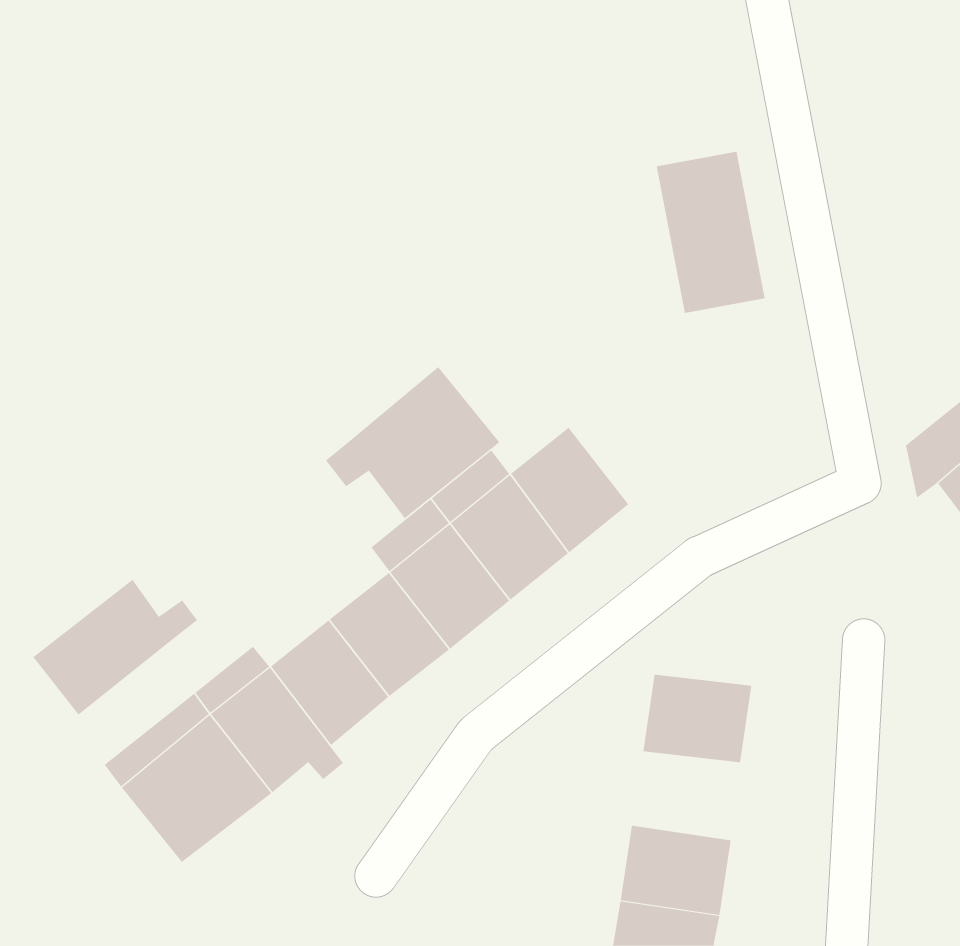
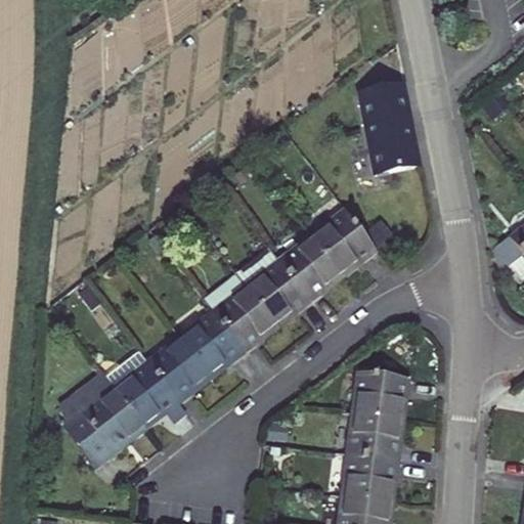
building: [325,366,500,519] -> none
building: none -> [311,205,378,273]
building: [33,579,198,715] -> none
building: none -> [345,407,404,455]

